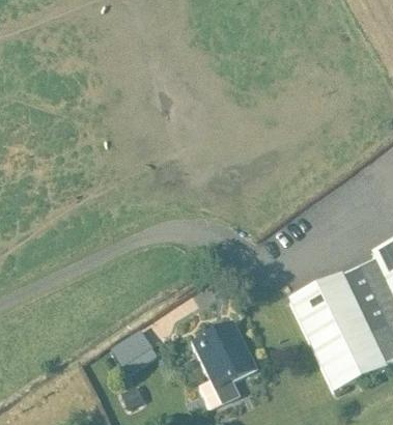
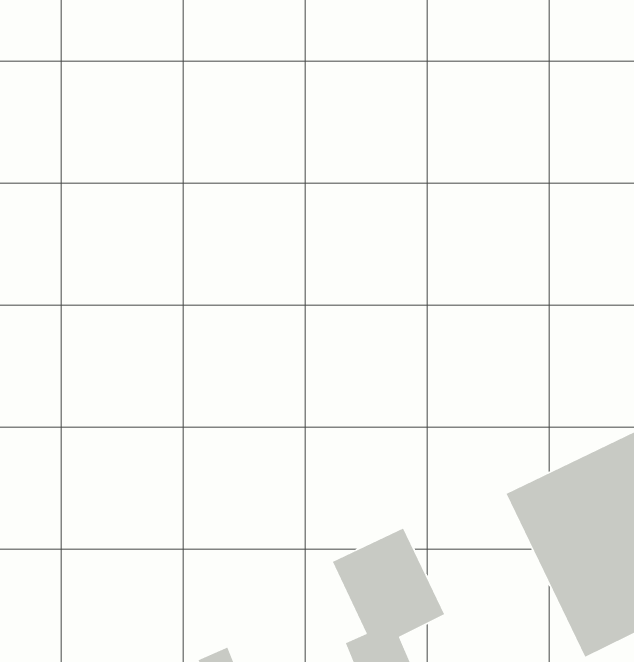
building: [109,329,157,375] -> none

